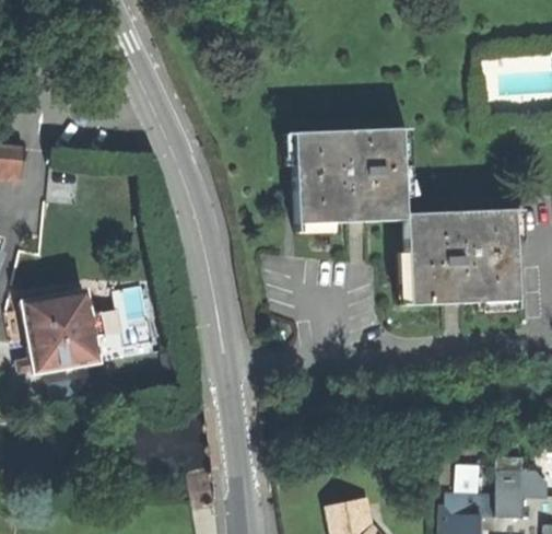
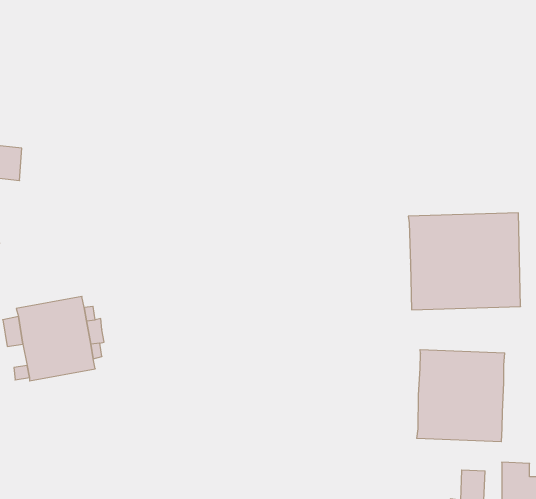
building: [293,128,407,223] -> none
building: none -> [417,350,505,442]

